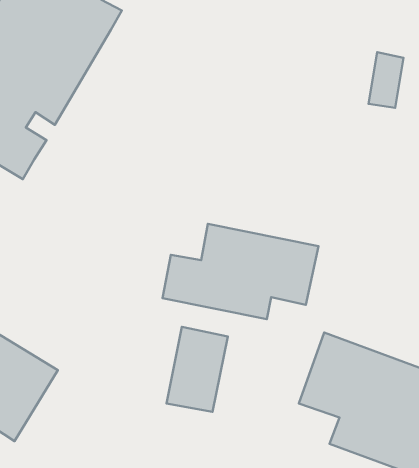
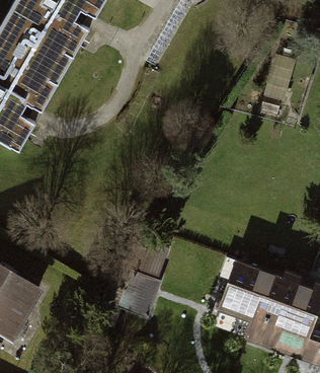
building: [162,224,318,319] -> none

